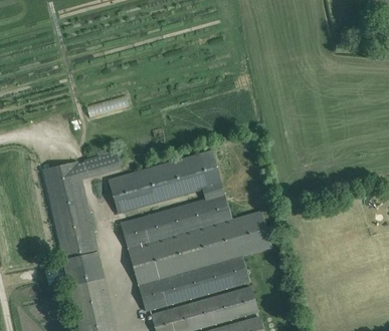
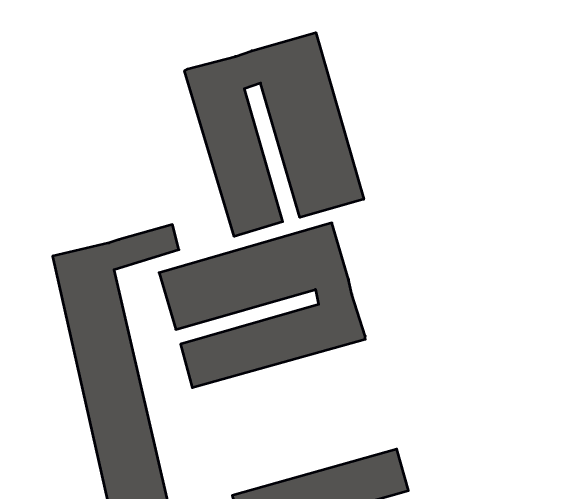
building: none -> [185,33,364,236]
building: [128,210,272,311] -> none

